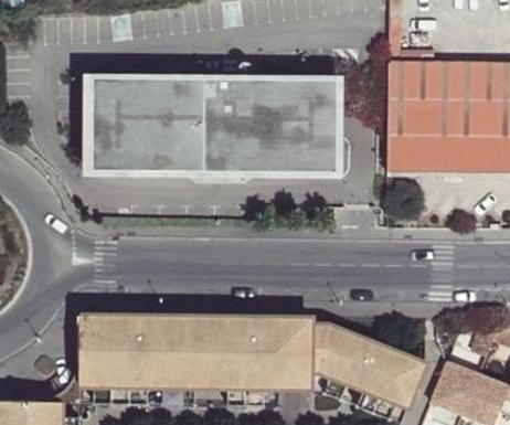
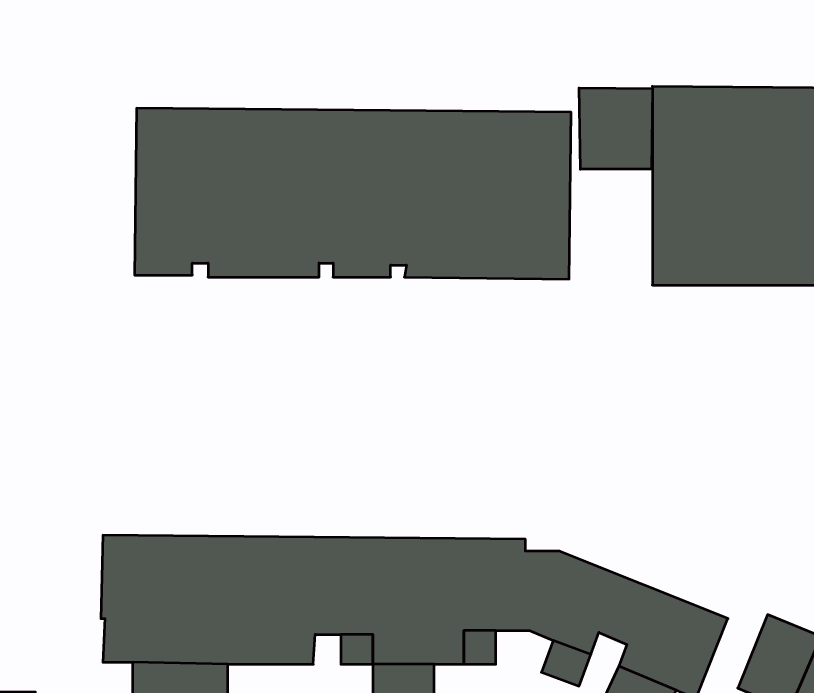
building: none -> [579,88,652,169]

